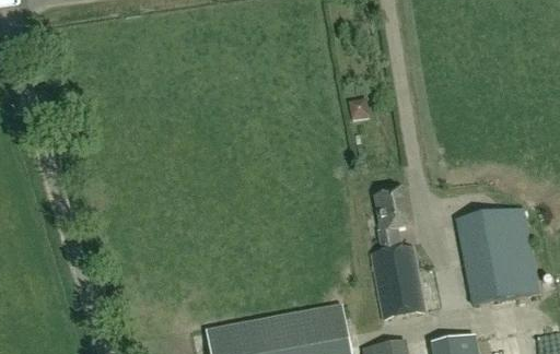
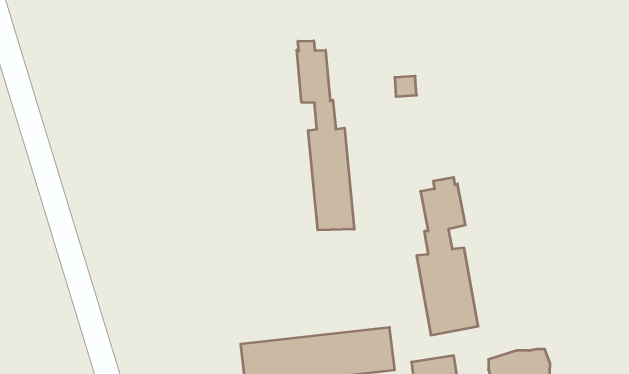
building: none -> [297,41,354,230]
building: [456,208,538,306] -> none

